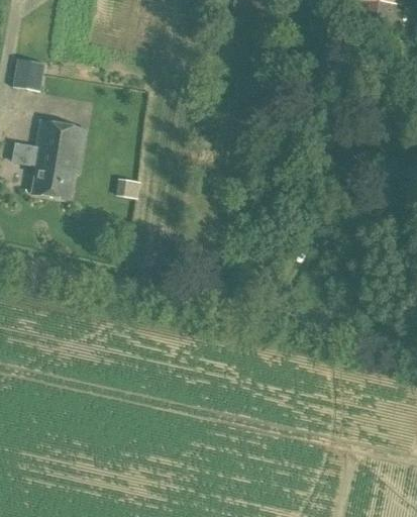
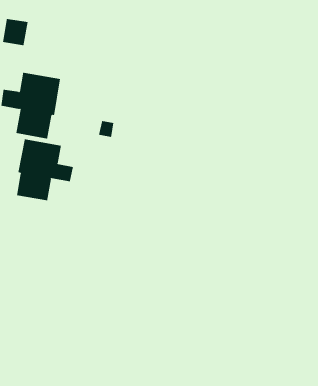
building: none -> [16,139,74,201]

